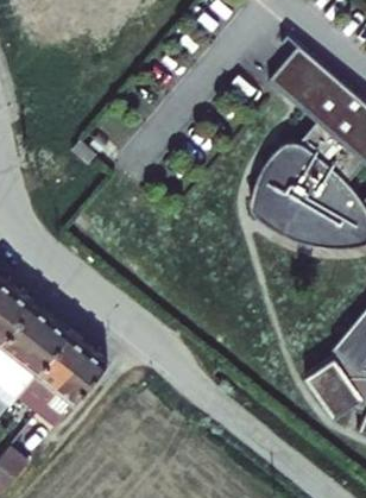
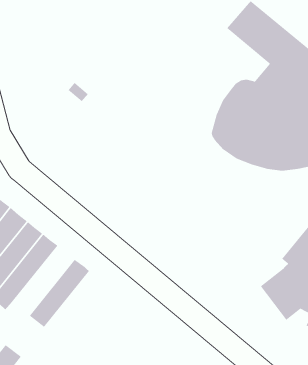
building: [19,334,92,416] -> none

